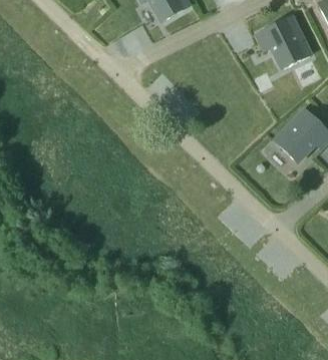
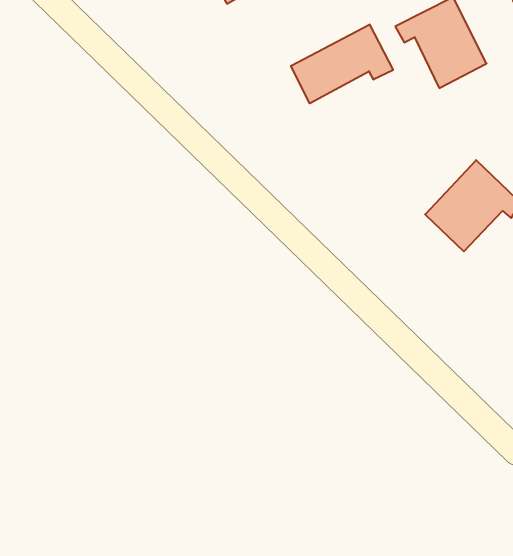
building: none -> [291,24,393,103]

